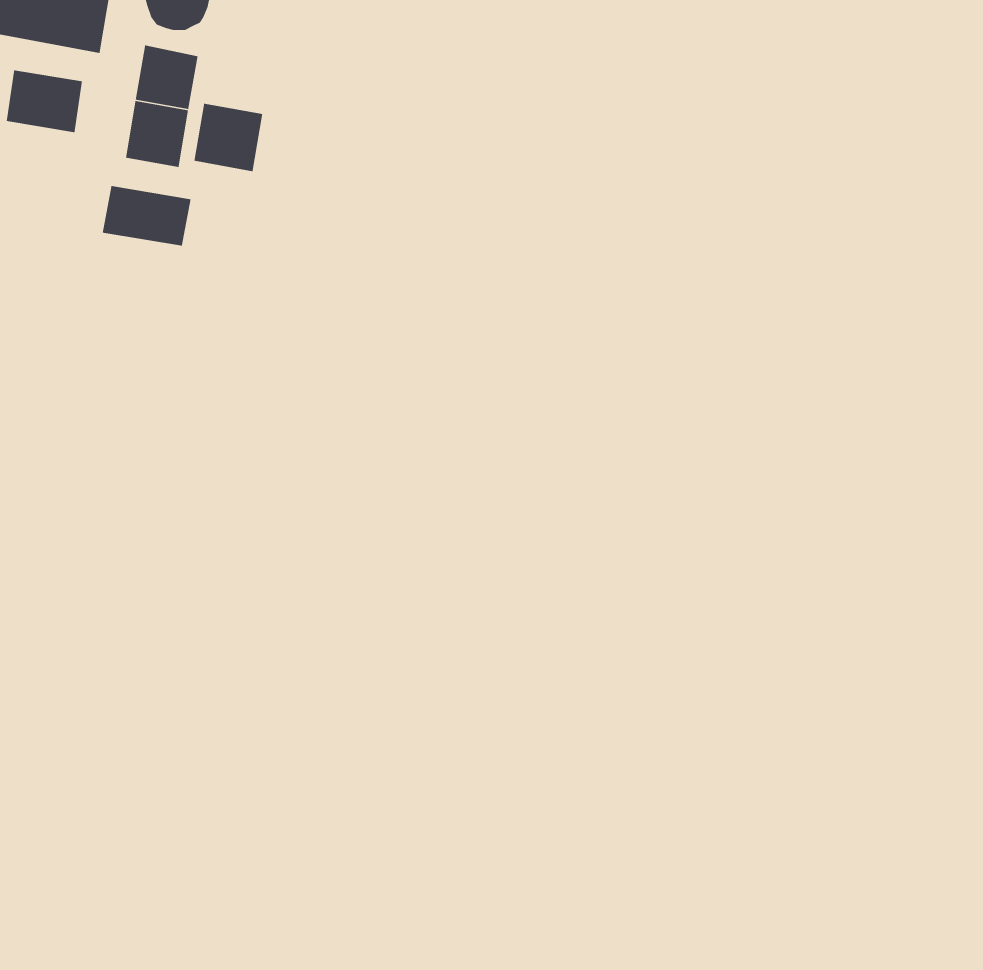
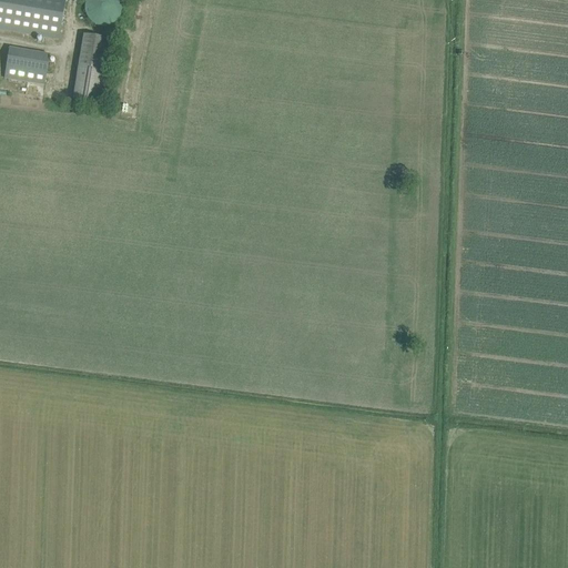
building: [194,103,263,172] -> none
building: [102,185,192,247] -> none

